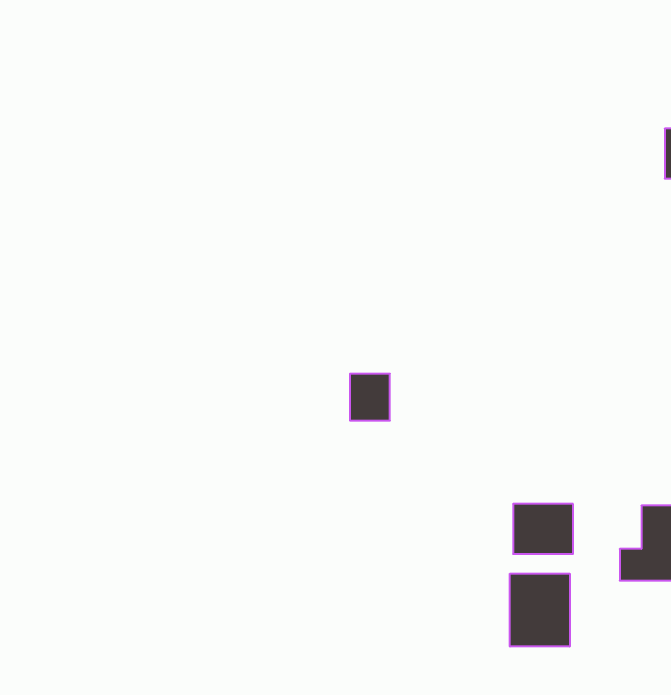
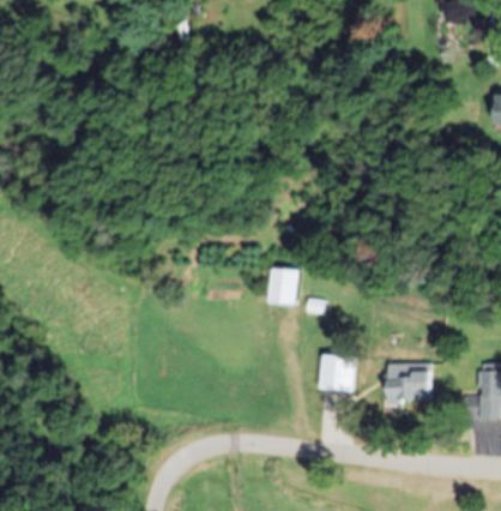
building: none -> [320,355,354,392]
building: [510,574,570,647] -> none

